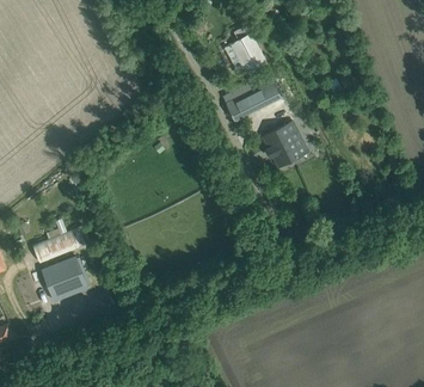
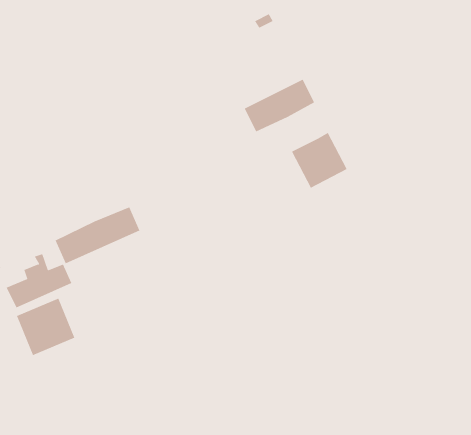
building: [232,33,266,73] -> none
building: none -> [55,207,140,264]

